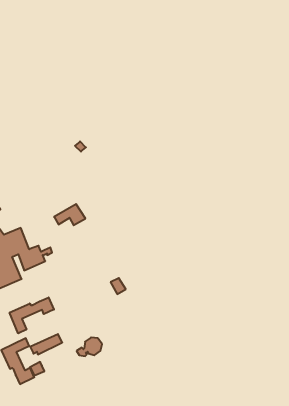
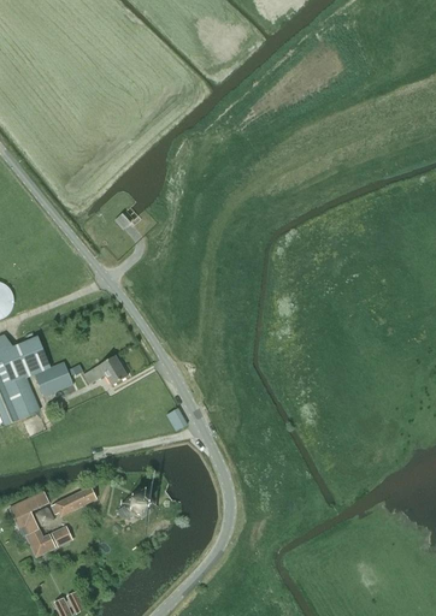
building: [54,204,85,225] -> [83,355,128,385]
building: [10,297,54,333] -> none

